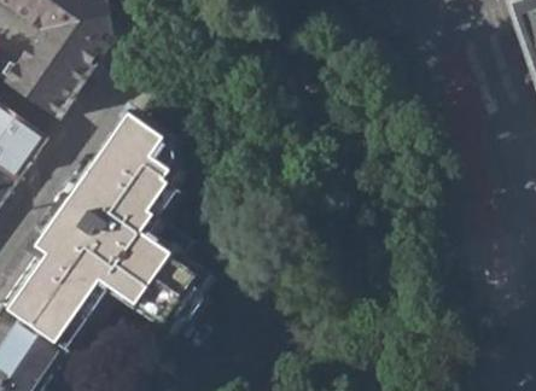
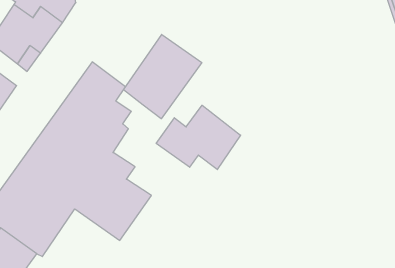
building: none -> [123,34,202,119]
building: none -> [156,105,241,170]

